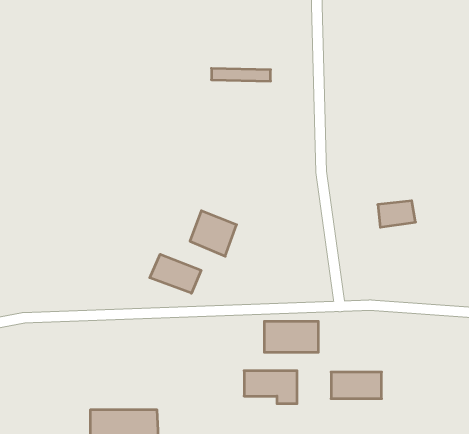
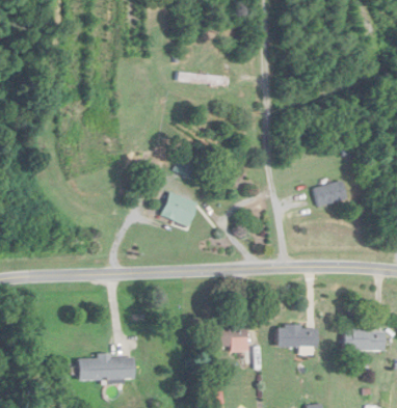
building: [150,254,201,293] -> none
building: [264,321,318,352] -> none
building: none -> [344,329,385,351]

